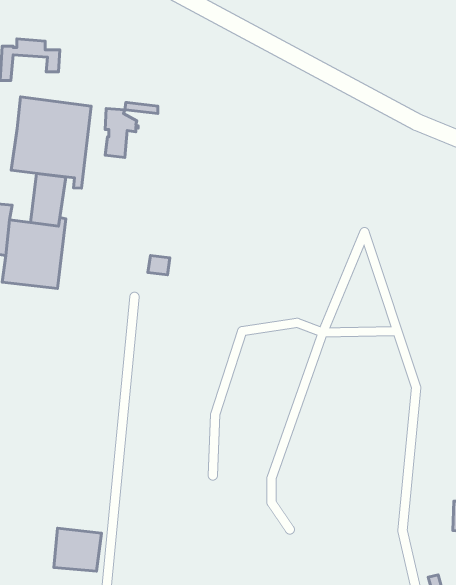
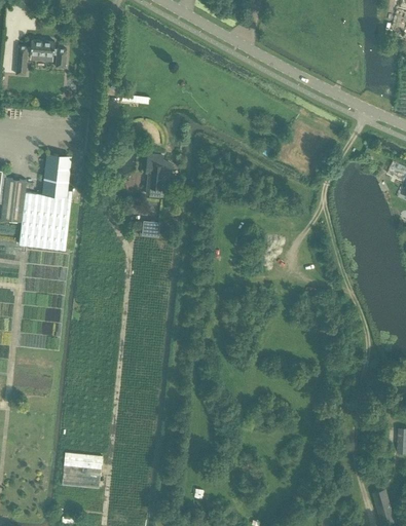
building: [11,97,91,188] -> none
building: [105,109,138,158] -> [146,155,174,196]

